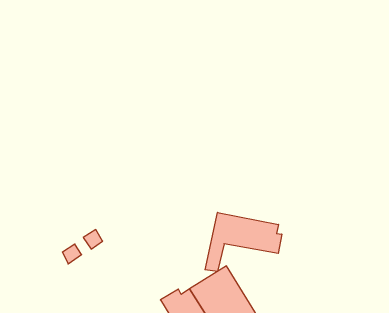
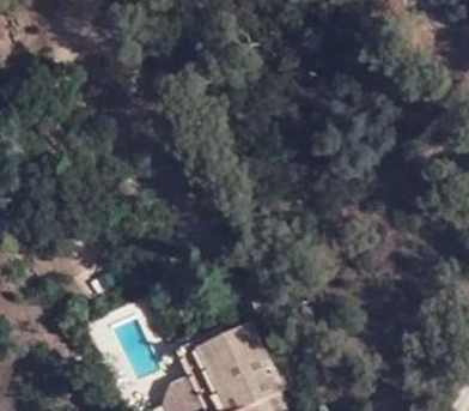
building: [205,212,282,271] -> none

